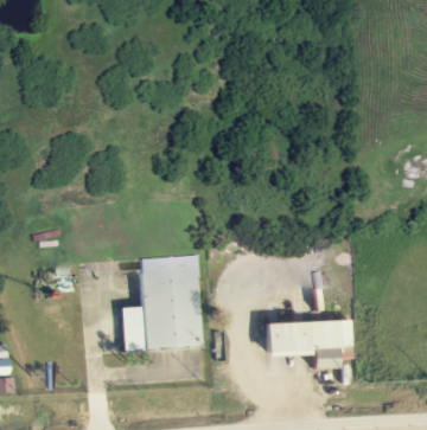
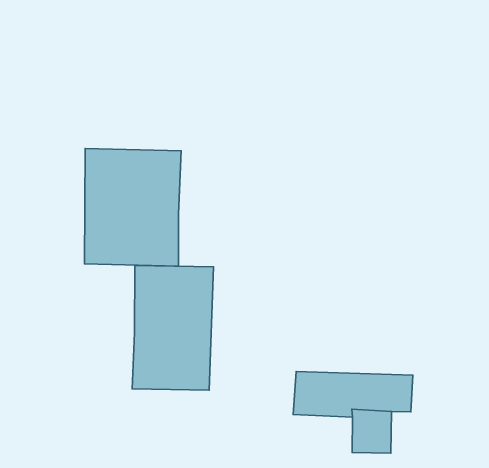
building: none -> [85,149,181,266]
building: [121,308,144,351] -> none

